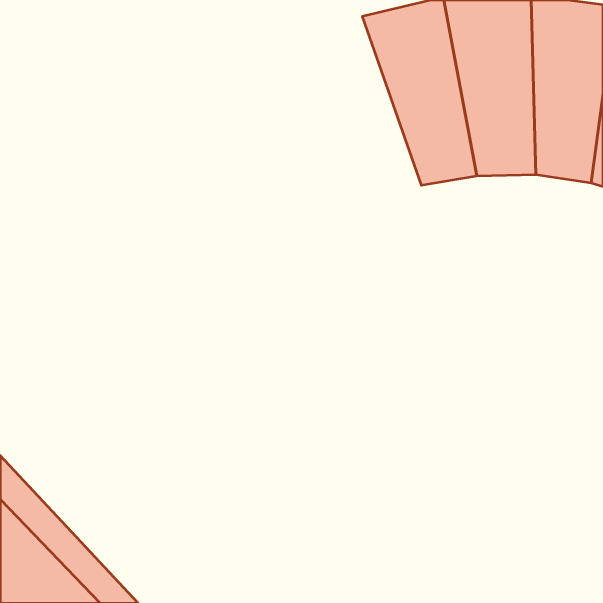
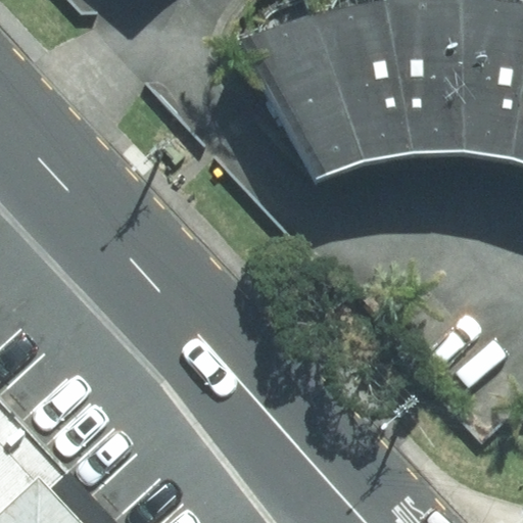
building: none -> [240,14,365,179]

